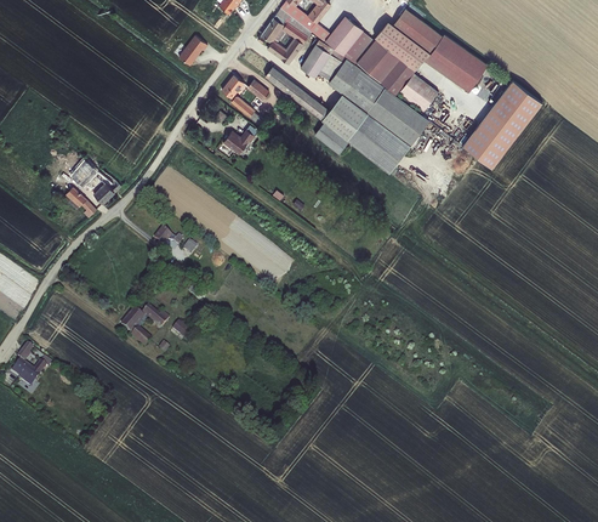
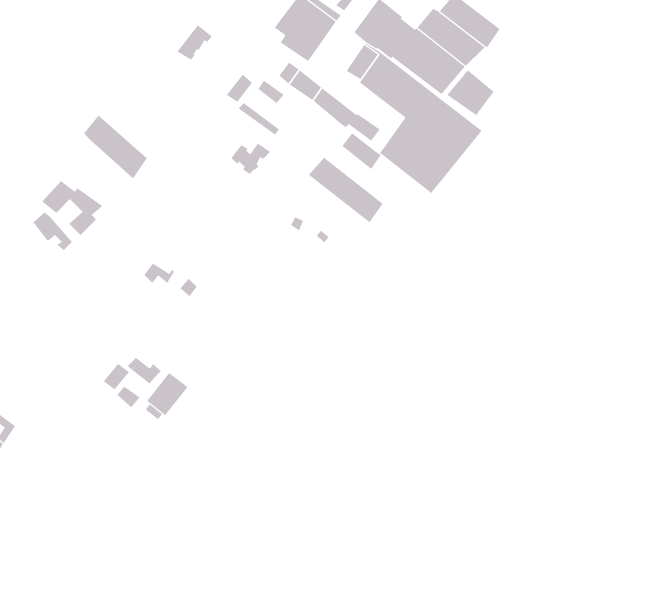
building: [426,35,486,91] -> none
building: [300,40,332,76] -> none
building: [462,83,541,171] -> none
building: none -> [84,115,147,179]
building: none -> [308,157,384,223]

